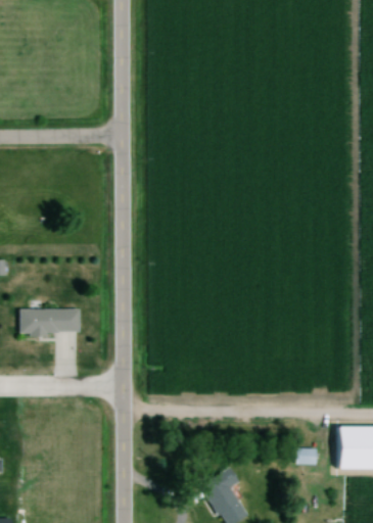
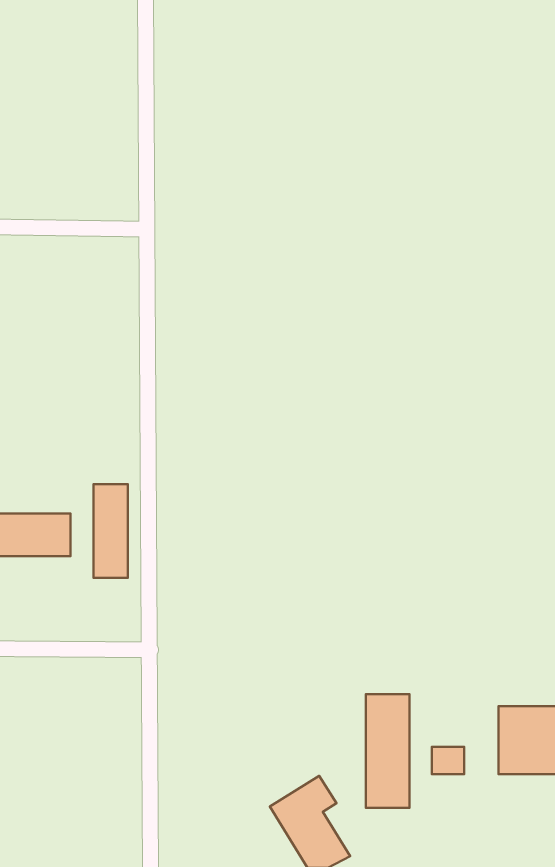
building: none -> [94,484,128,578]
building: none -> [366,694,410,808]

